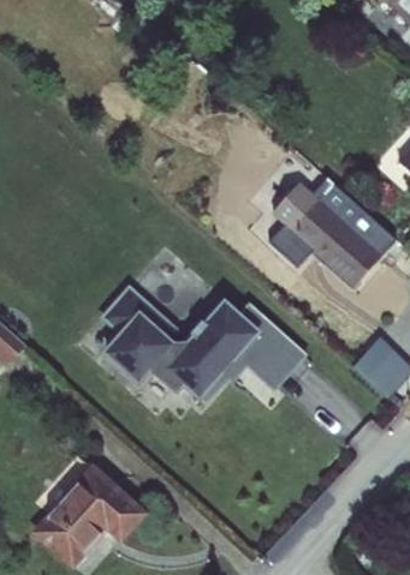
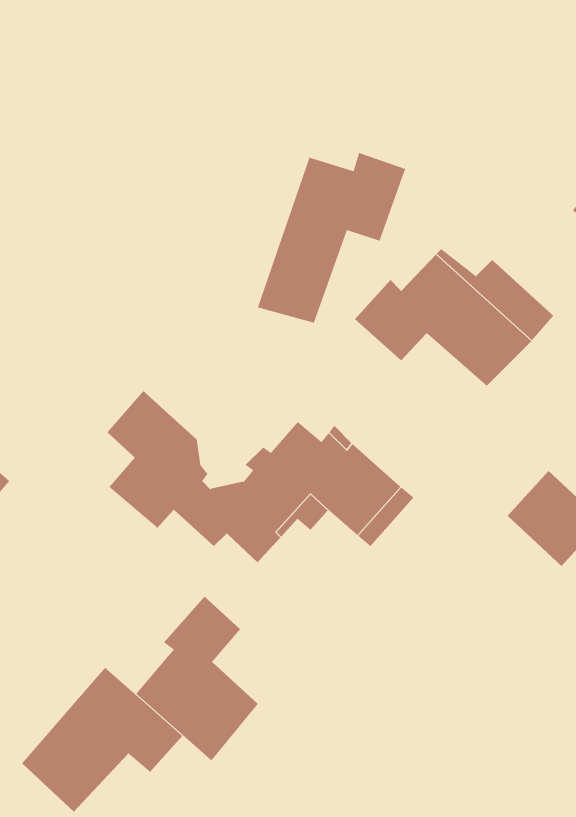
building: none -> [257,152,406,323]
building: none -> [135,596,259,761]

